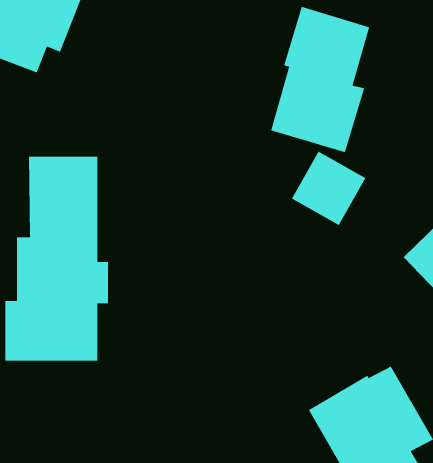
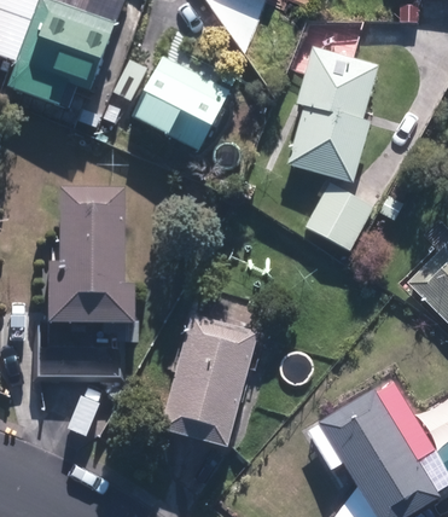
building: none -> [132,54,231,150]
building: none -> [159,312,260,448]

